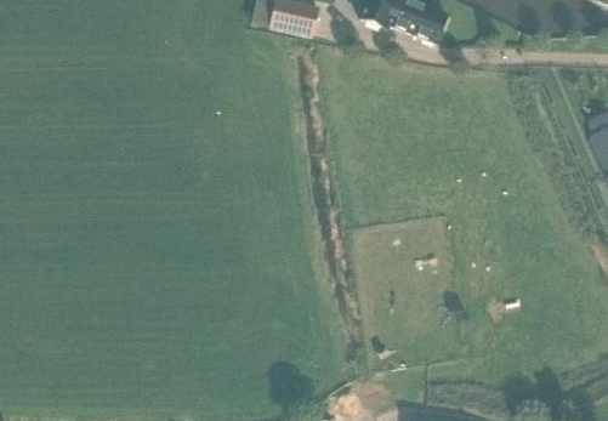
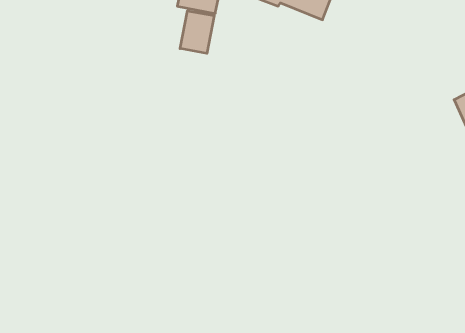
building: none -> [180,11,214,53]

